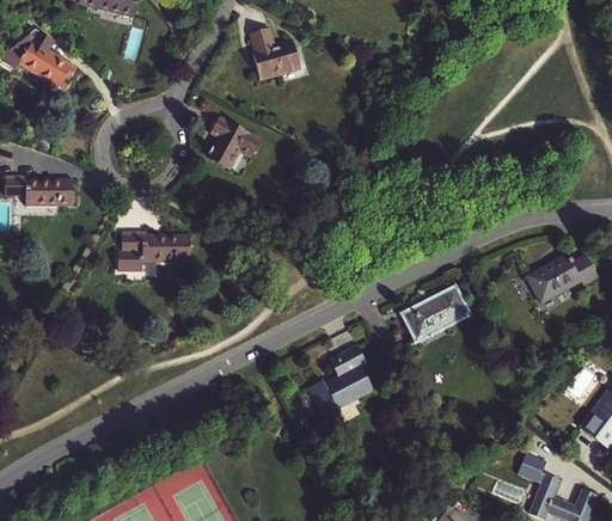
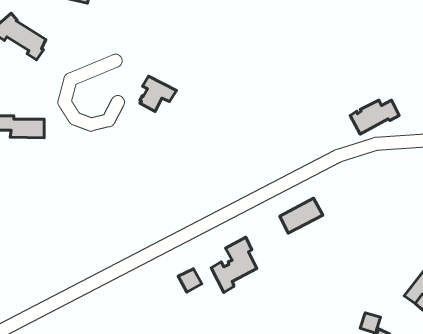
building: [251,27,300,79] -> none
building: [118,231,190,270] -> none
building: [527,256,596,304] -> [350,100,399,134]
building: none -> [178,269,202,292]

